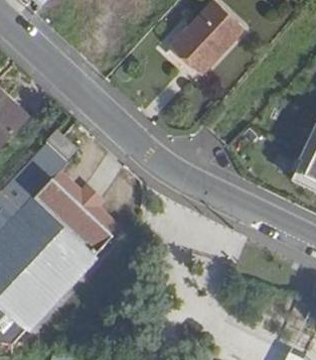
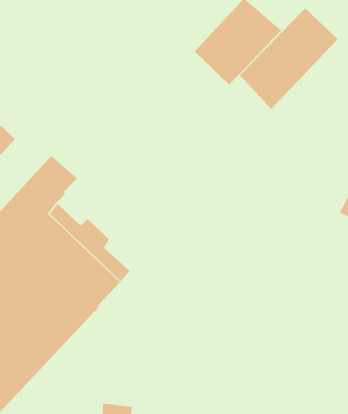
building: none -> [239,8,339,110]

